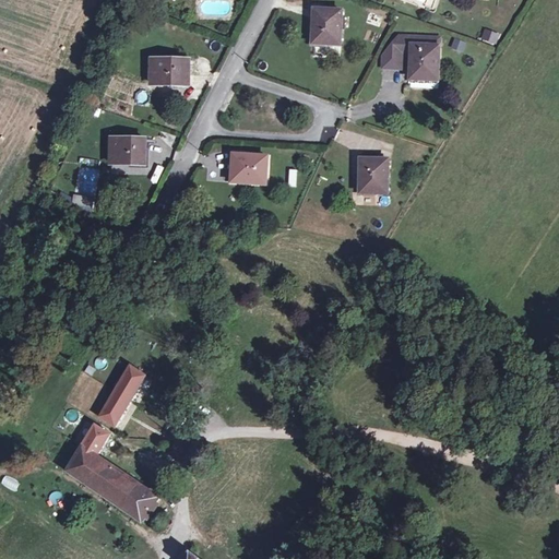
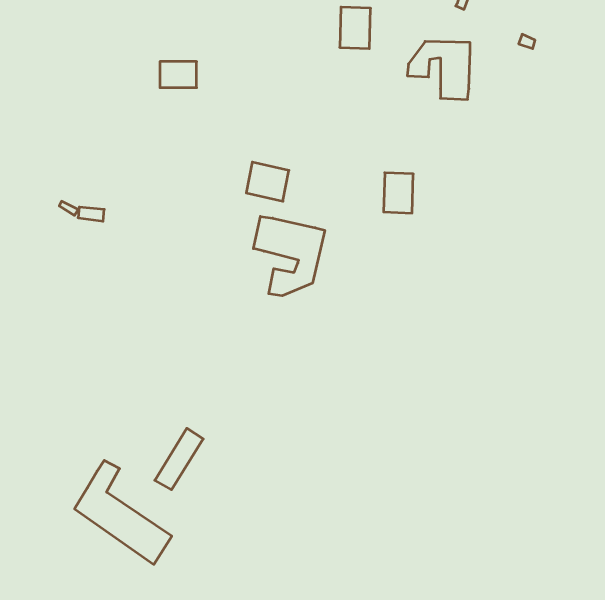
building: [104,134,142,160] -> none
building: none -> [253,216,325,296]
building: [100,366,145,423] -> [155,428,203,490]

